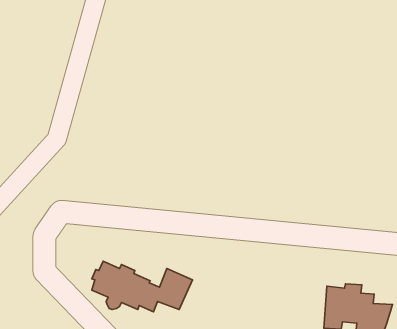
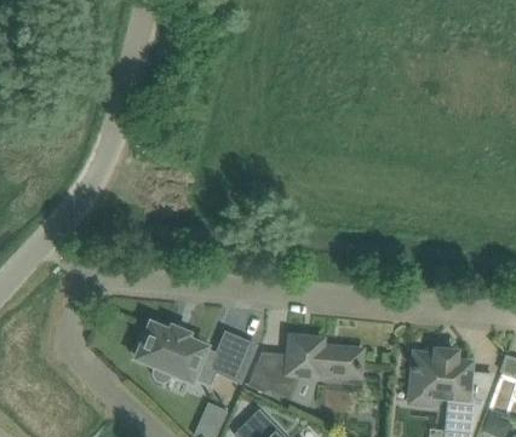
building: none -> [250,338,362,396]

